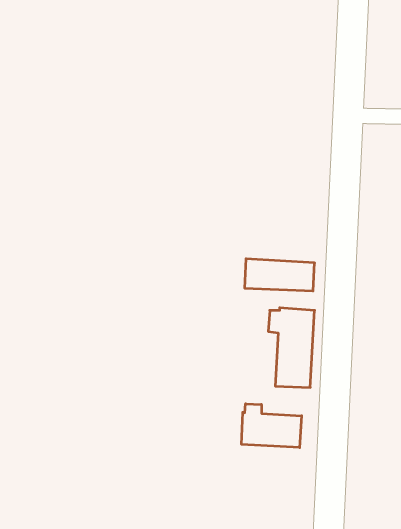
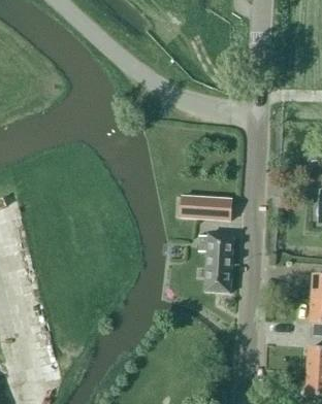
building: [242,404,302,448] -> none

